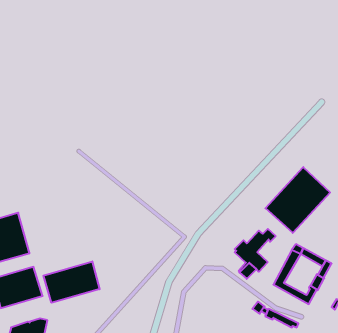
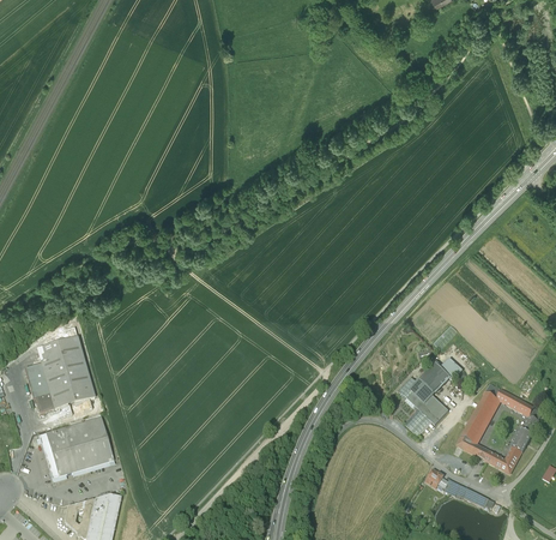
building: [265,167,330,233] -> none
building: [43,261,100,303] -> none

